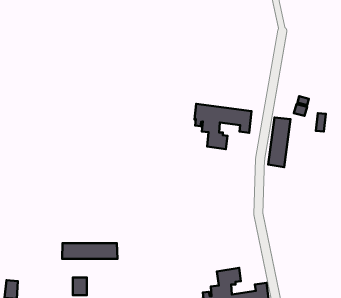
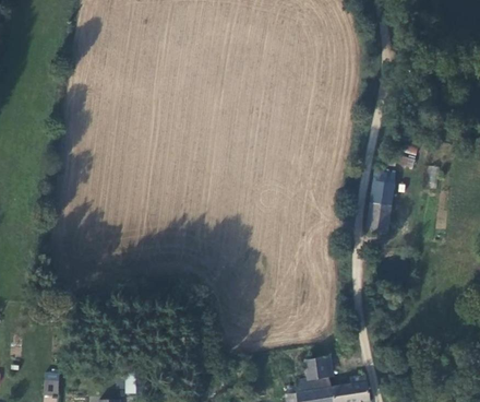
building: [194,104,252,149] -> none
building: [62,243,118,259] -> none

